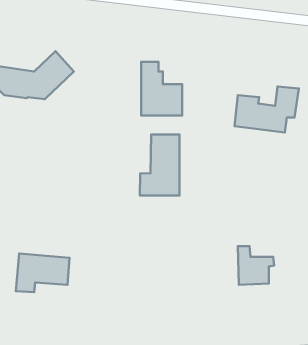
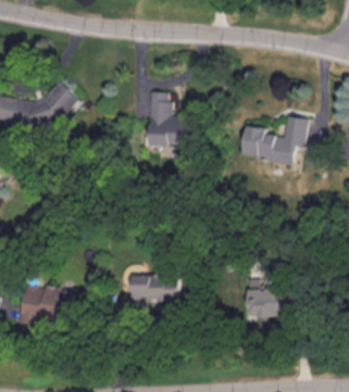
building: [140,134,179,195] -> none
building: none -> [128,274,174,303]

